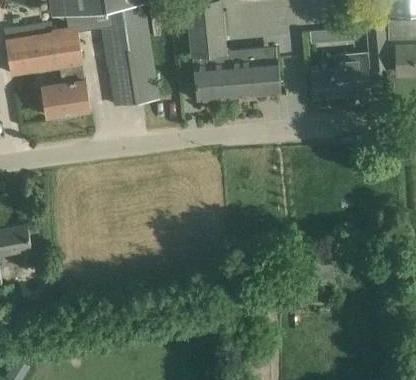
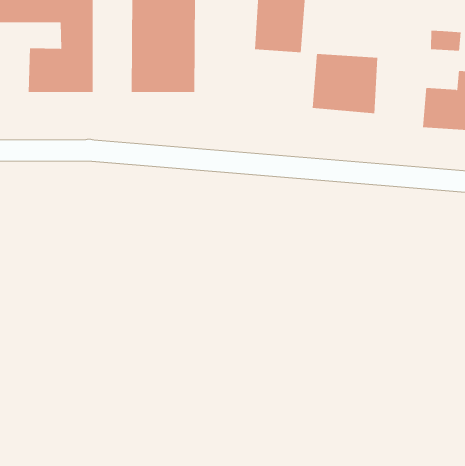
building: [193,59,238,100] -> none

